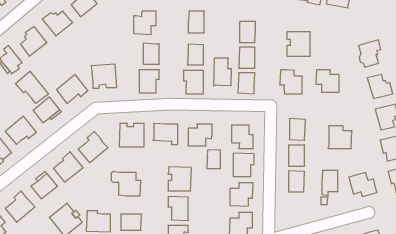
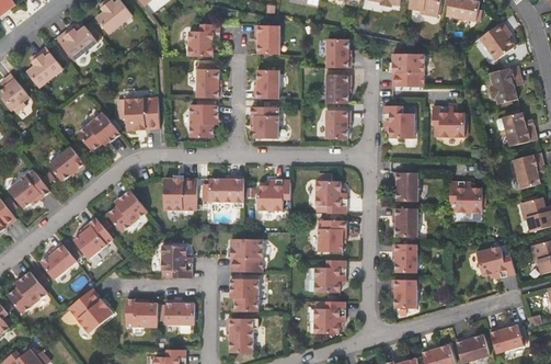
building: none -> [480,21,515,58]
building: [214,58,231,86] -> none
building: [16,71,48,103] -> none
building: [207,150,220,169] -> none
building: [322,170,338,195] -> [393,280,415,314]

